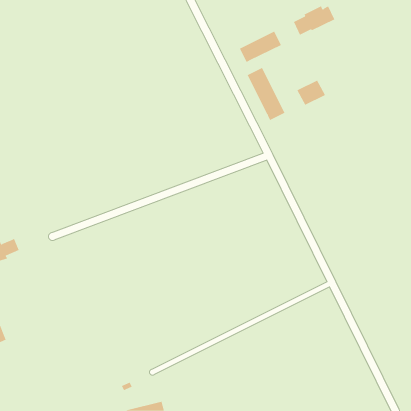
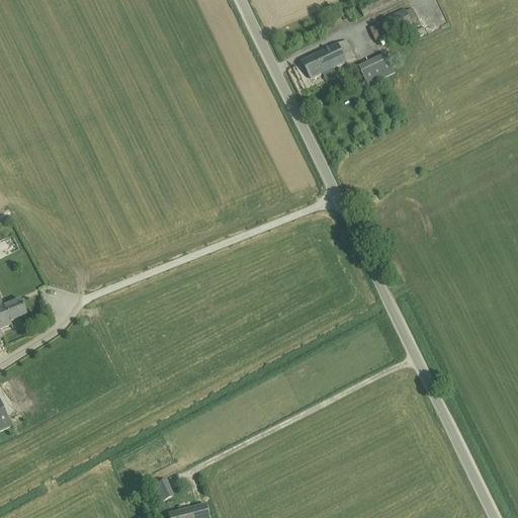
building: [247,67,285,121] -> none
building: [297,80,326,106] -> [357,54,394,86]

